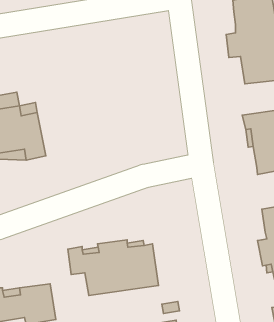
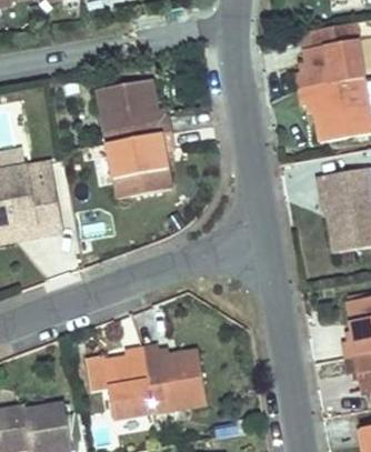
building: none -> [99,80,178,183]

